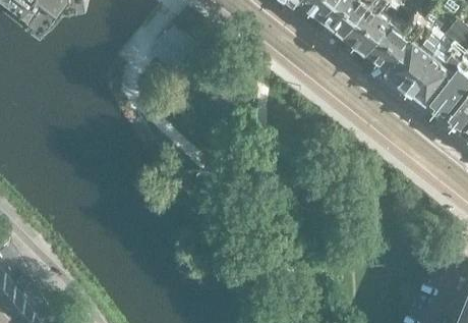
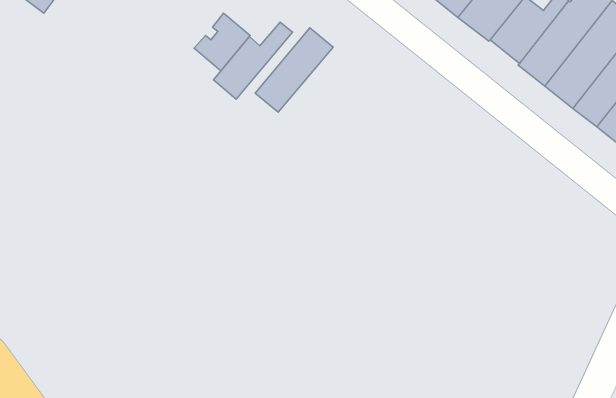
building: none -> [214,22,292,99]
building: none -> [255,28,333,112]

